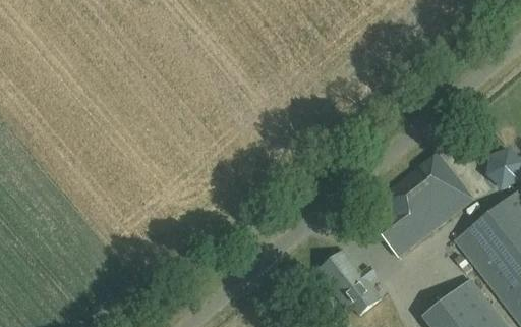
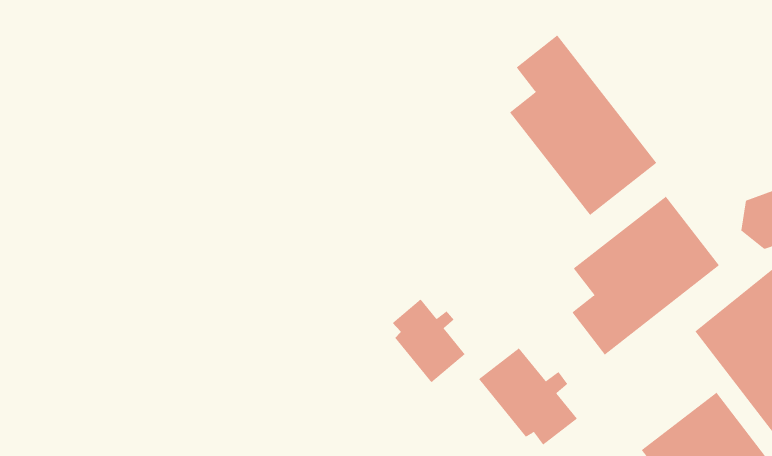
building: none -> [509,35,657,216]
building: none -> [392,298,465,383]

